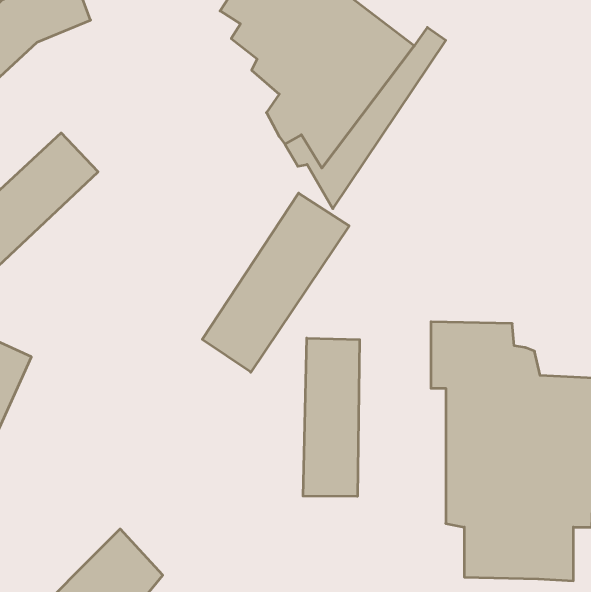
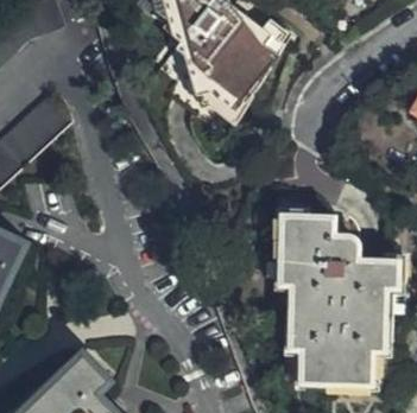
building: [202,193,349,372] -> none
building: [303,338,360,496] -> none

